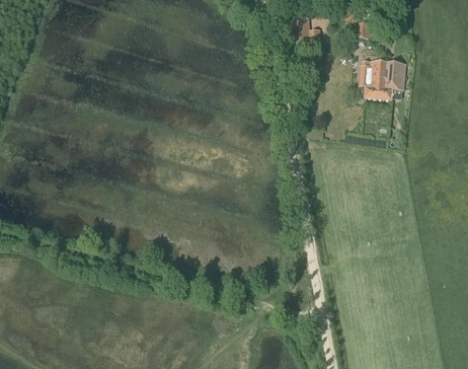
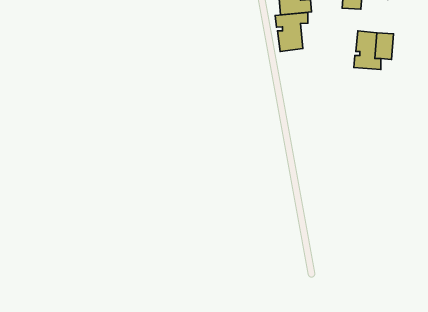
building: none -> [275,12,308,51]

